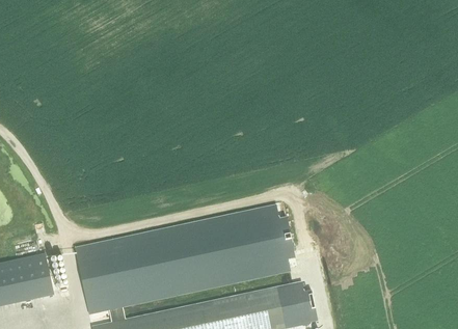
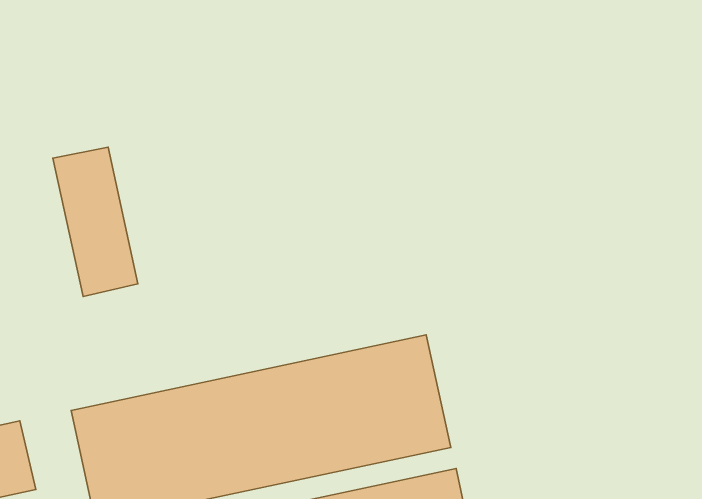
building: none -> [53,147,138,296]

